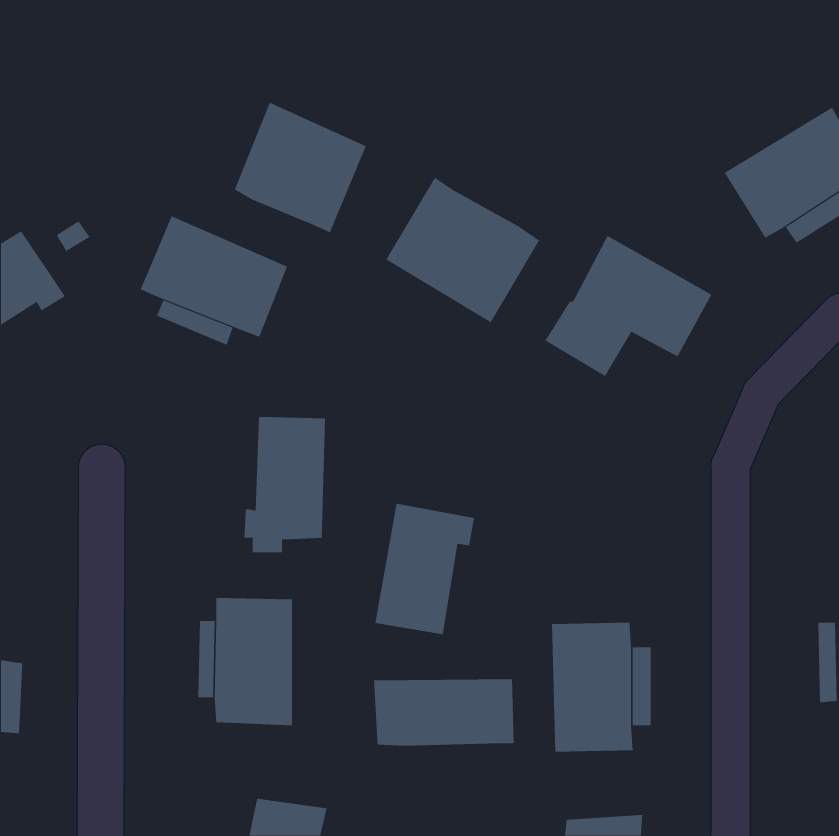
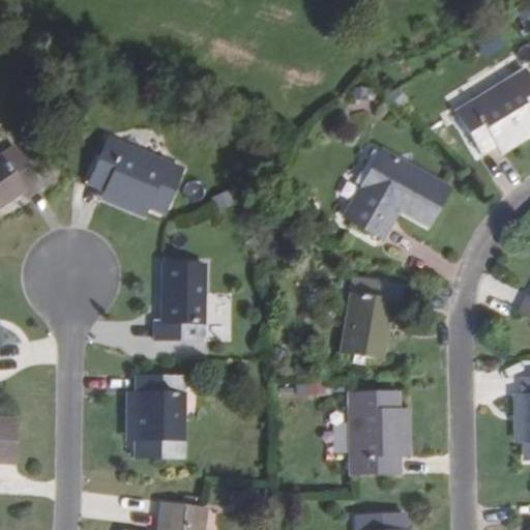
building: [234,102,367,233] -> none
building: [386,177,540,323] -> none
building: [374,503,475,635] -> [340,275,403,358]
building: [374,679,514,746] -> none

